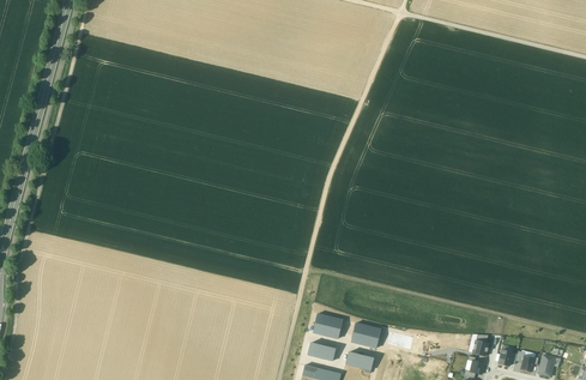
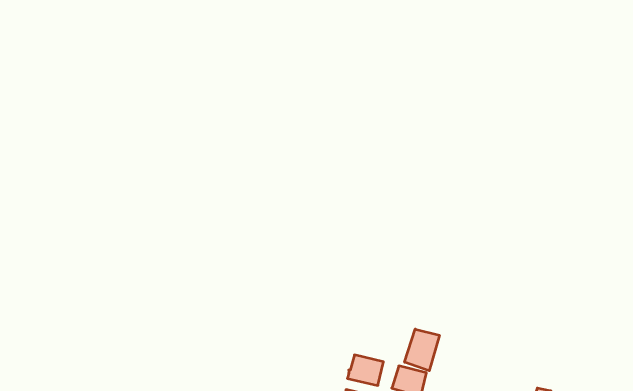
building: none -> [405,329,439,371]

